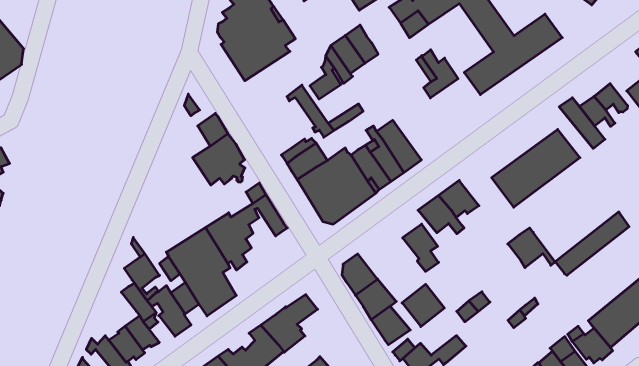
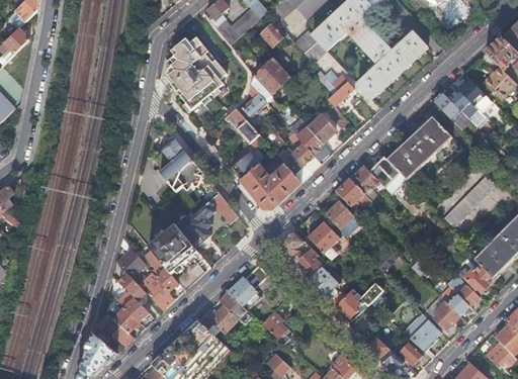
building: none -> [309,114,344,153]
building: [508,228,555,268] -> [369,157,407,187]
building: [402,284,444,327] -> [308,220,340,253]

